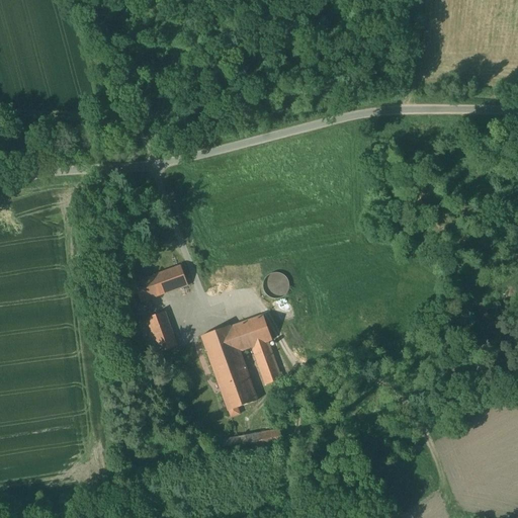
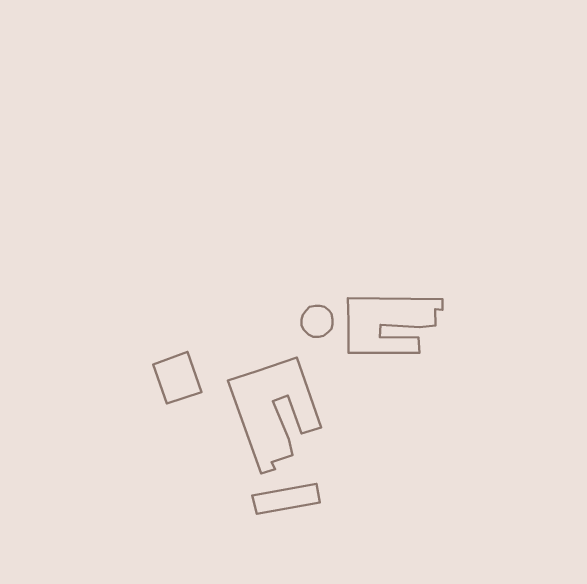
building: none -> [348,298,443,353]
building: [133,264,187,297] -> none

